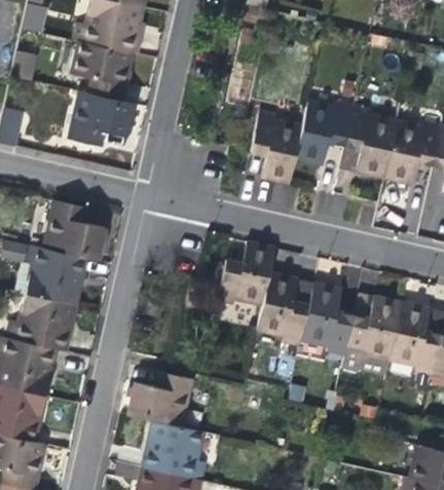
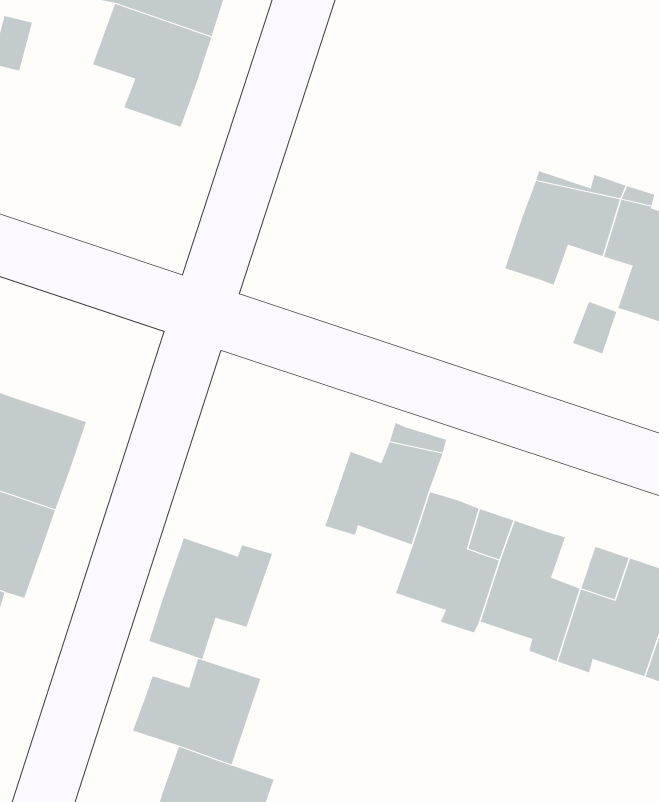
building: [68,91,132,146] -> none
building: [250,112,301,185] -> none
building: [46,199,104,259] -> none
building: none -> [149,538,273,660]

